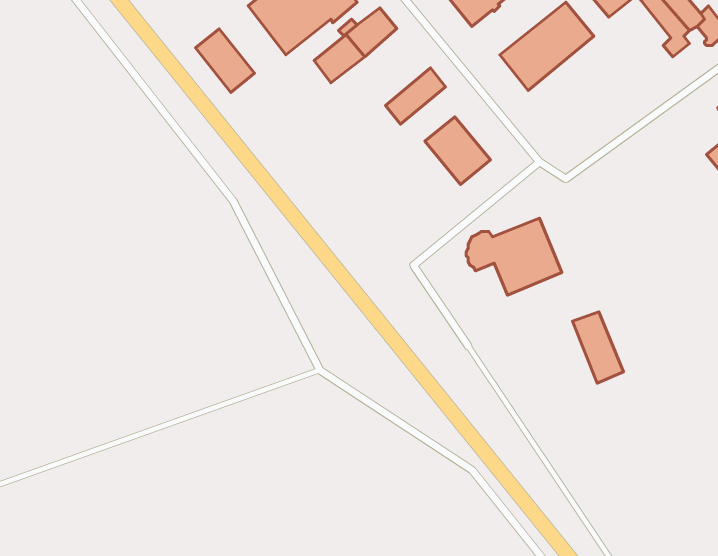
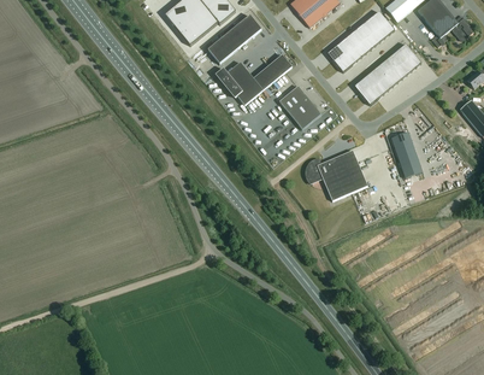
building: [196,29,254,92] -> none
building: none -> [355,43,421,104]
building: none -> [217,60,264,105]
building: [573,312,623,383] -> [390,130,423,176]

